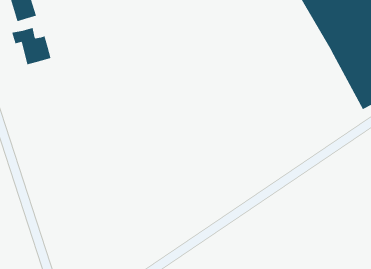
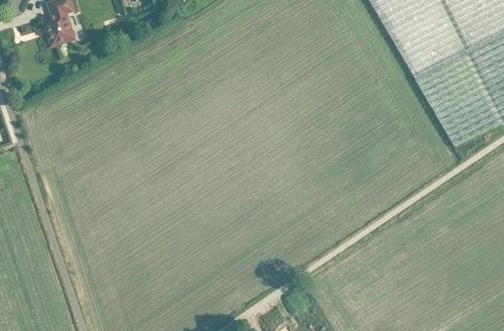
building: [12,27,51,65] -> none

